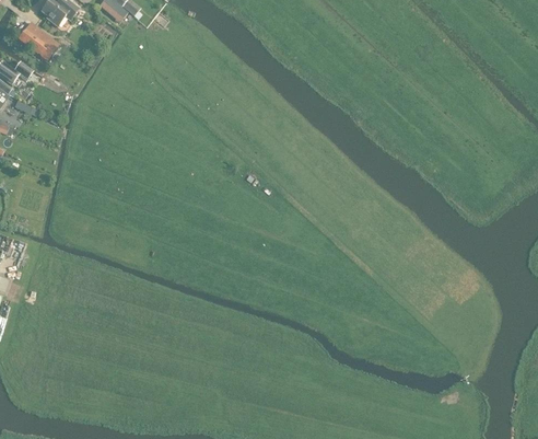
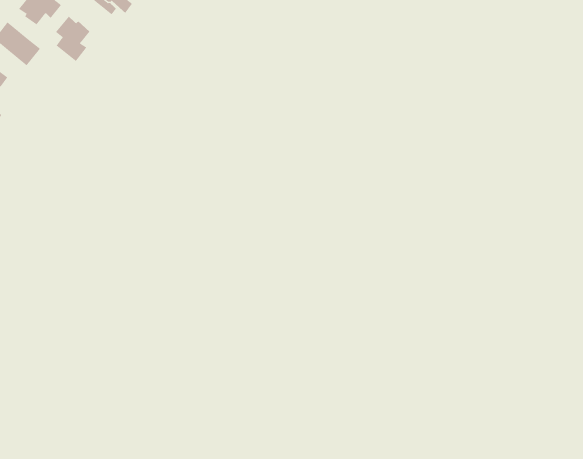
building: none -> [55,16,90,62]

